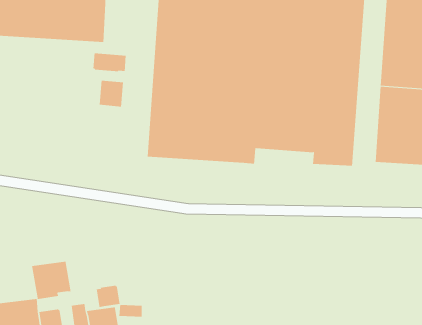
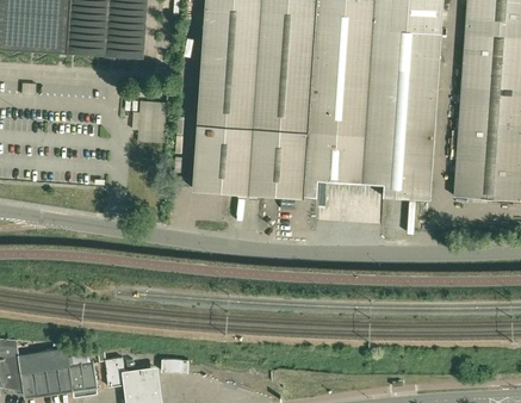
building: [93,53,126,72] -> none
building: [32,261,71,300] -> none
building: [96,285,120,308] -> none

